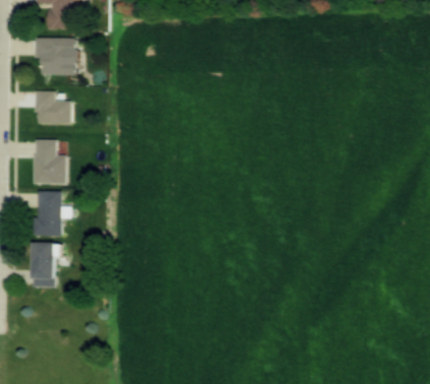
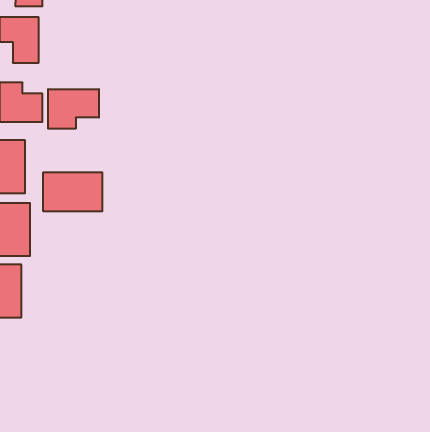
building: none -> [48,89,99,129]
building: none -> [43,172,102,211]

